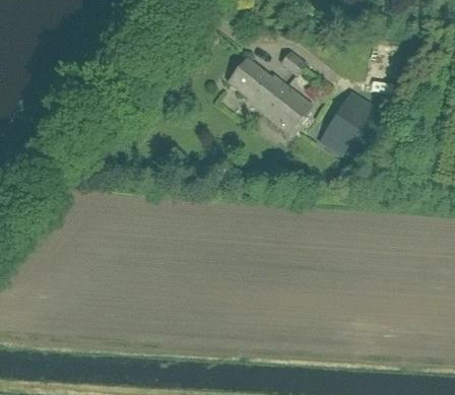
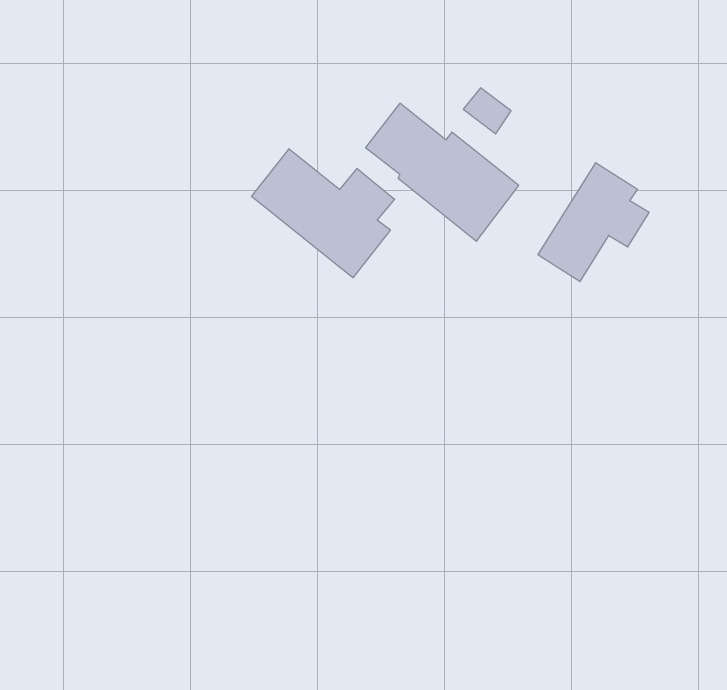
building: none -> [252,149,395,278]

